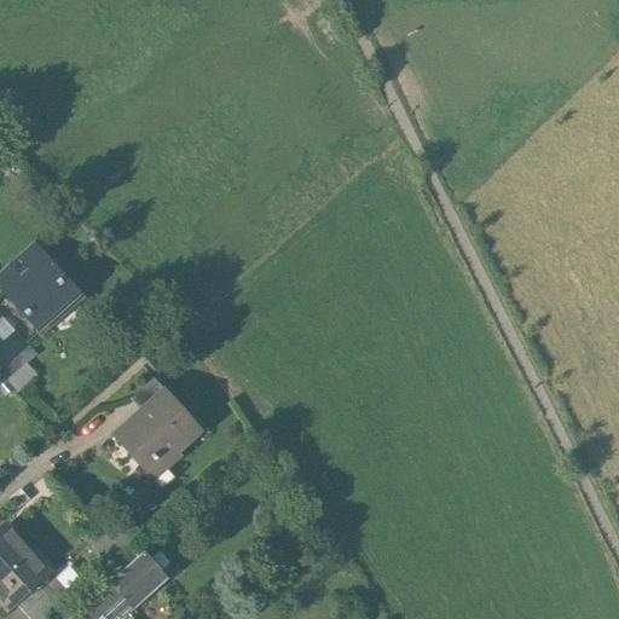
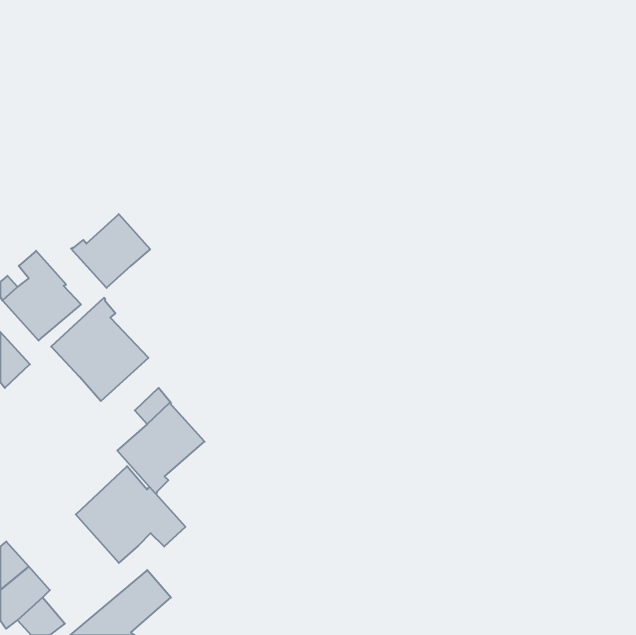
building: none -> [71,214,150,288]
building: none -> [51,298,148,401]
building: none -> [76,466,185,563]

